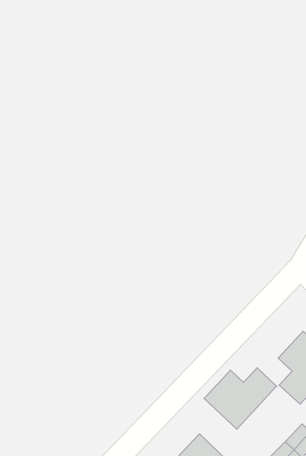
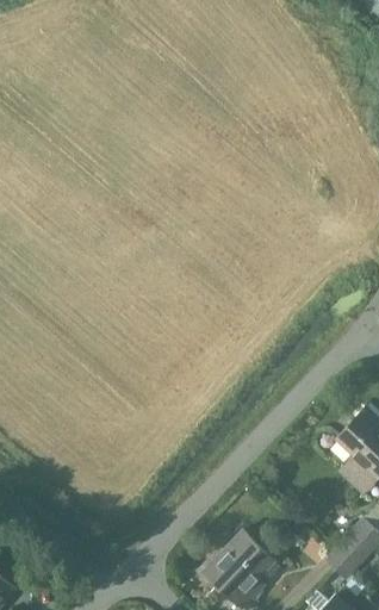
building: [204,368,277,429] -> none

